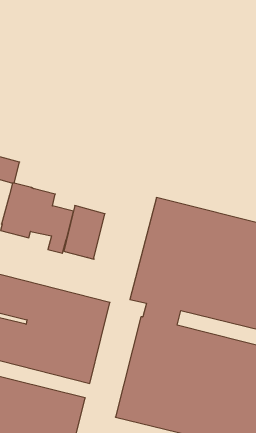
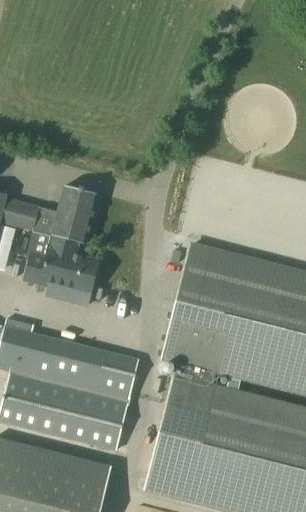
building: [64,206,105,259] -> [53,186,98,245]

